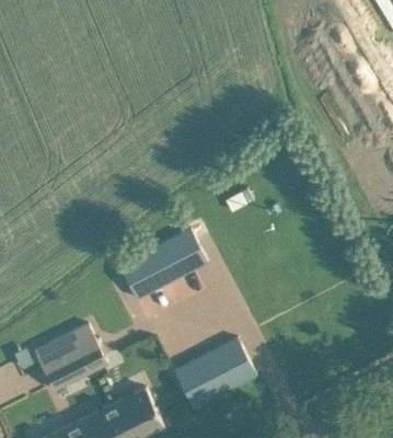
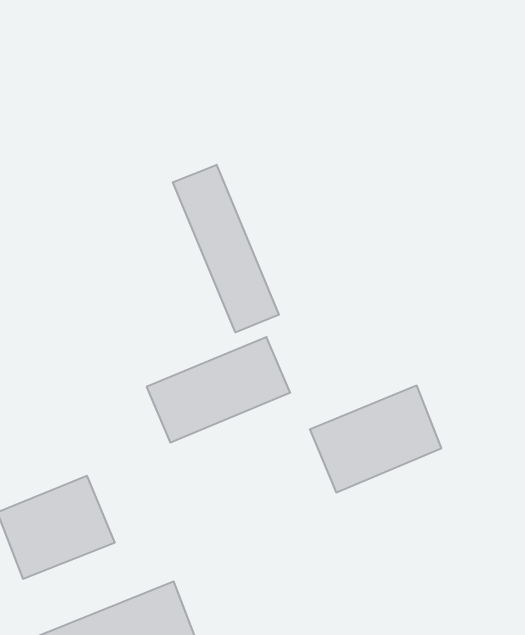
building: none -> [173,165,279,332]
building: [174,339,256,410] -> [310,386,441,492]

